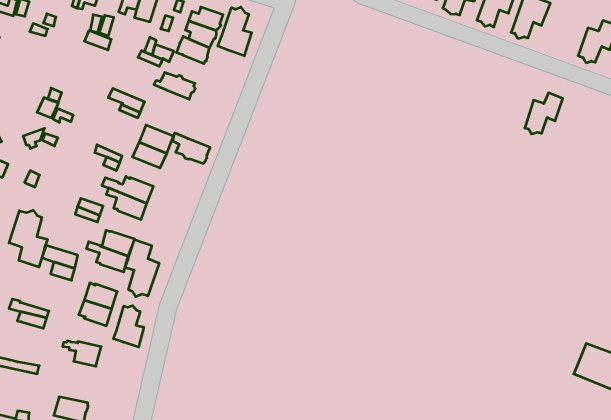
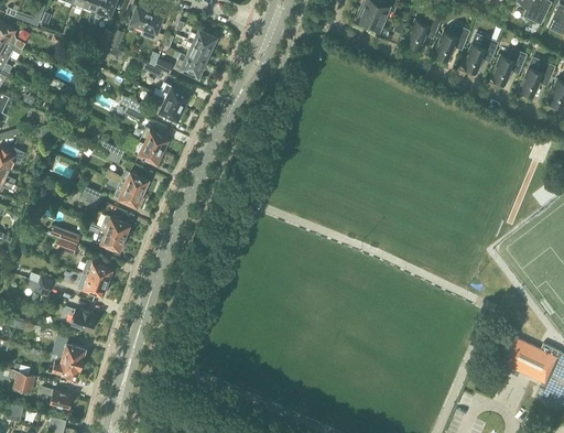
building: [218,7,252,56] -> none
building: [525,93,563,134] -> [491,50,525,84]
building: [172,133,210,163] -> [152,93,184,120]
building: [9,210,47,267] -> none
building: [125,239,159,297] -> none
building: [114,306,144,347] -> none
building: none -> [52,334,86,361]

